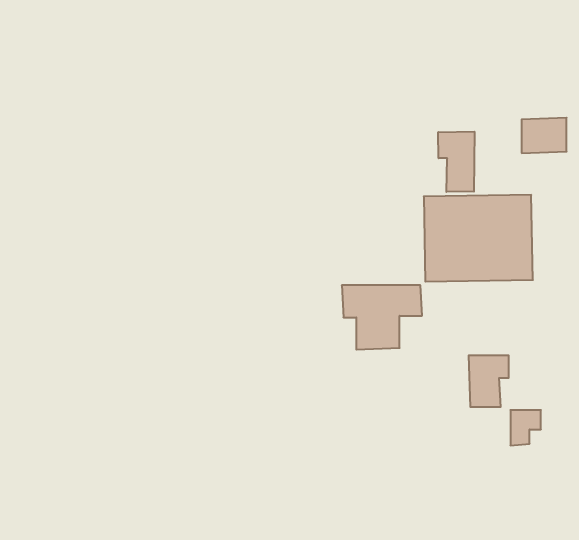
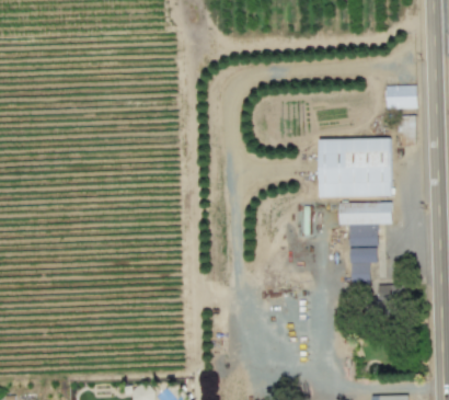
building: [438,132,474,192] -> none
building: [342,285,422,350] -> [338,203,393,247]

